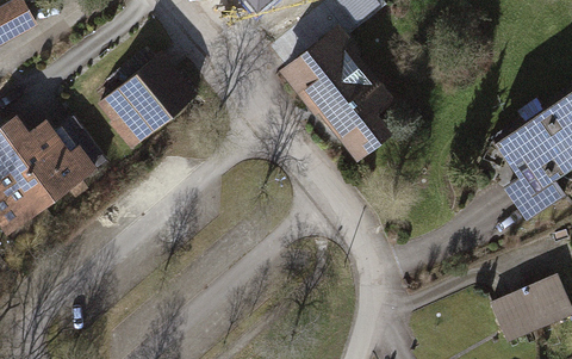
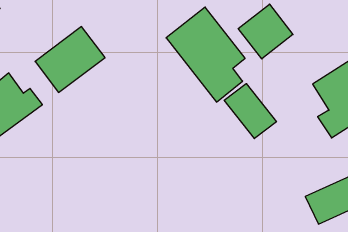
building: none -> [238,4,293,59]
building: none -> [224,84,276,139]

